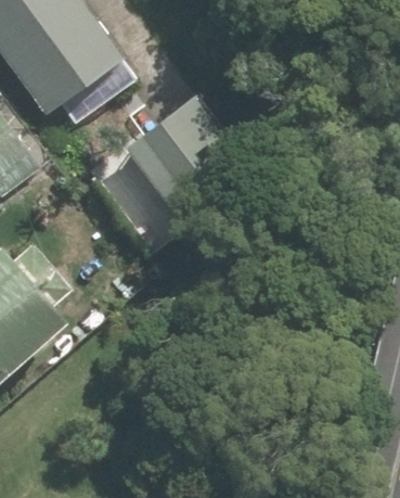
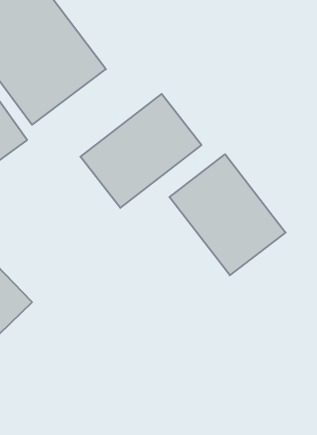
building: none -> [169,154,286,275]

